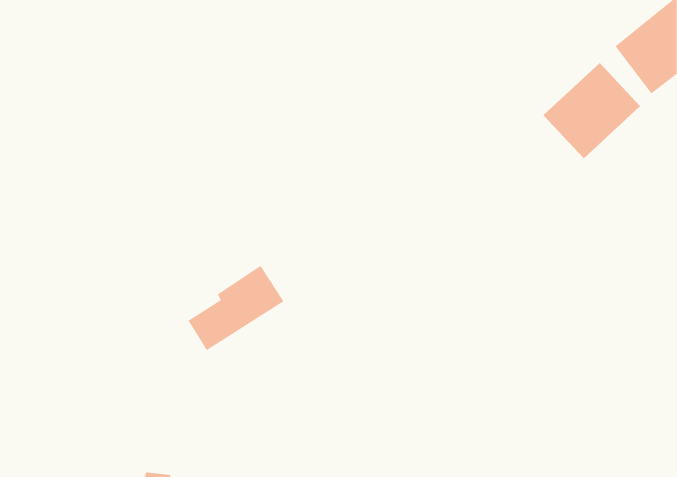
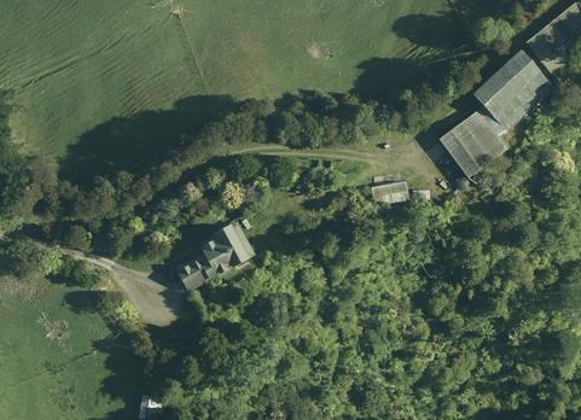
building: none -> [438,109,506,175]
building: none -> [370,177,408,205]

